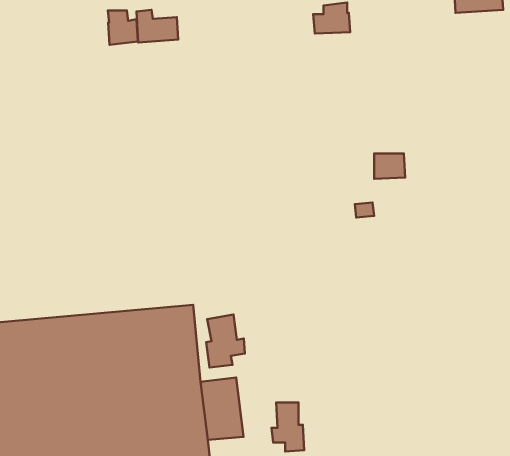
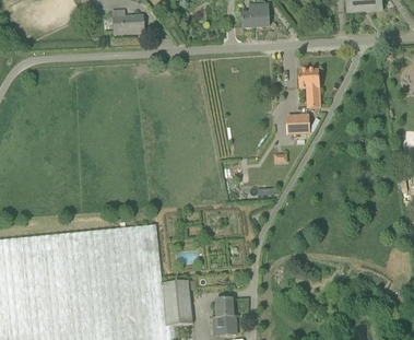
building: [108,10,138,45] -> none
building: none -> [299,69,320,106]
building: [206,314,245,367] -> none

